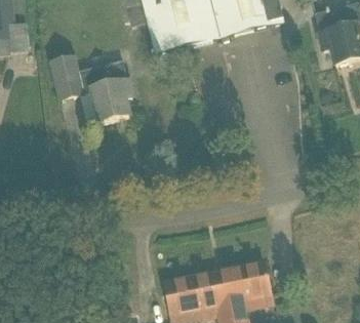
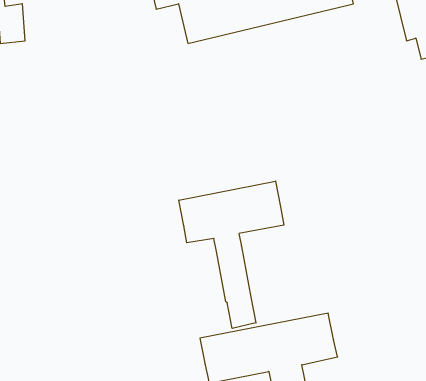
building: [50,54,131,122] -> none
building: none -> [179,181,284,328]

